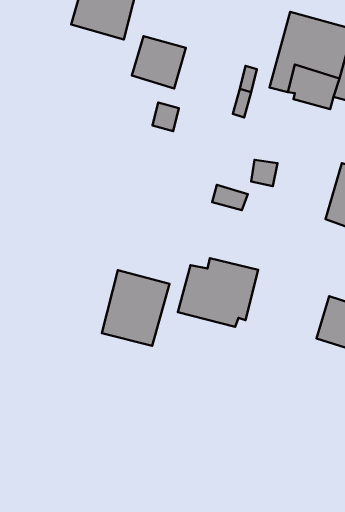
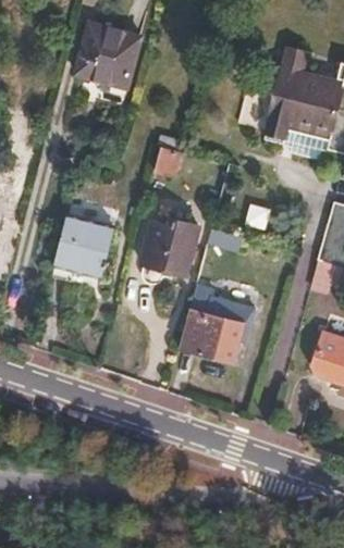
building: [132,36,186,88] -> none
building: none -> [142,219,198,274]
building: [102,270,169,346] -> [50,214,114,286]

